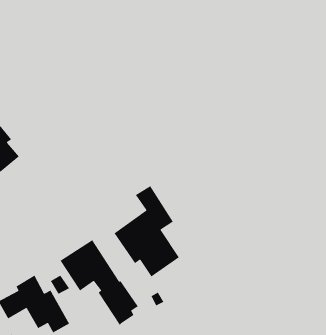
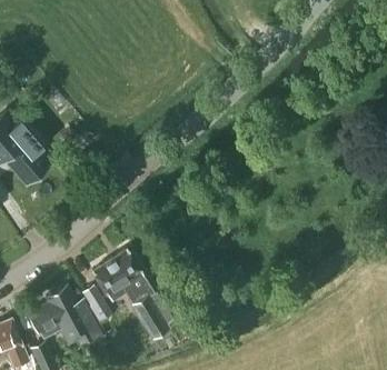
building: [114,185,180,277] -> none

